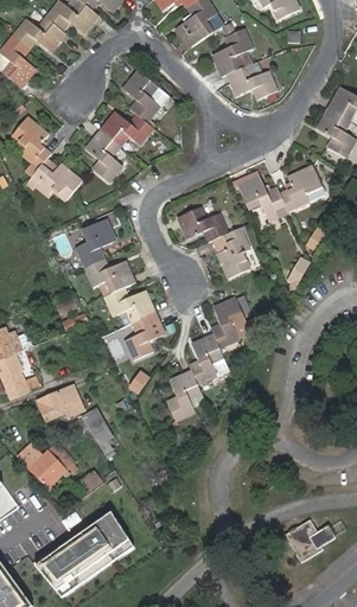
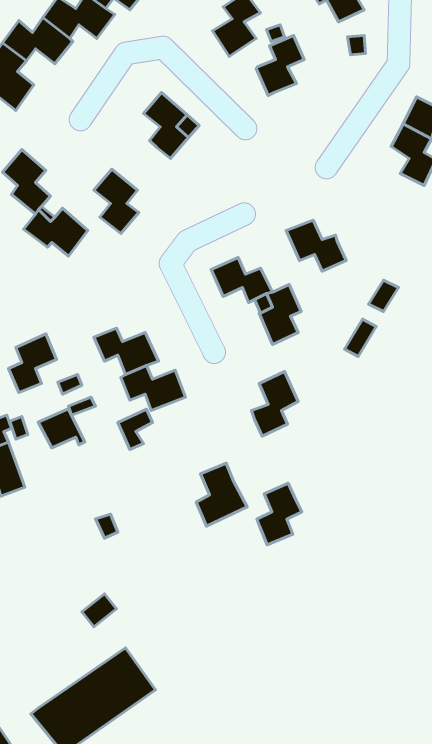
building: [228,64,276,98] -> none
building: [100,114,153,151] -> none
building: [278,162,324,210] -> none
building: [77,221,115,267] -> [8,334,56,392]
building: [126,314,167,359] -> none
building: [187,332,223,381] -> [257,483,302,545]
building: [36,388,72,418] -> [38,409,85,448]
building: [30,445,74,484] -> none
building: [285,518,336,561] -> none

